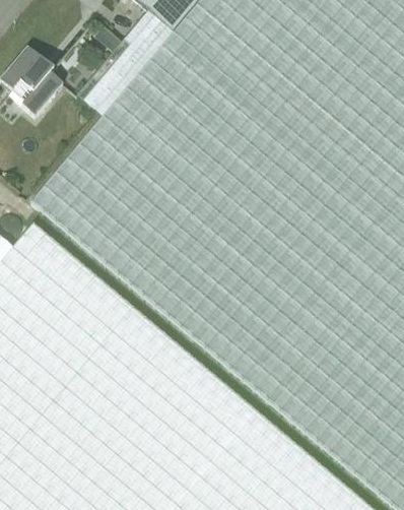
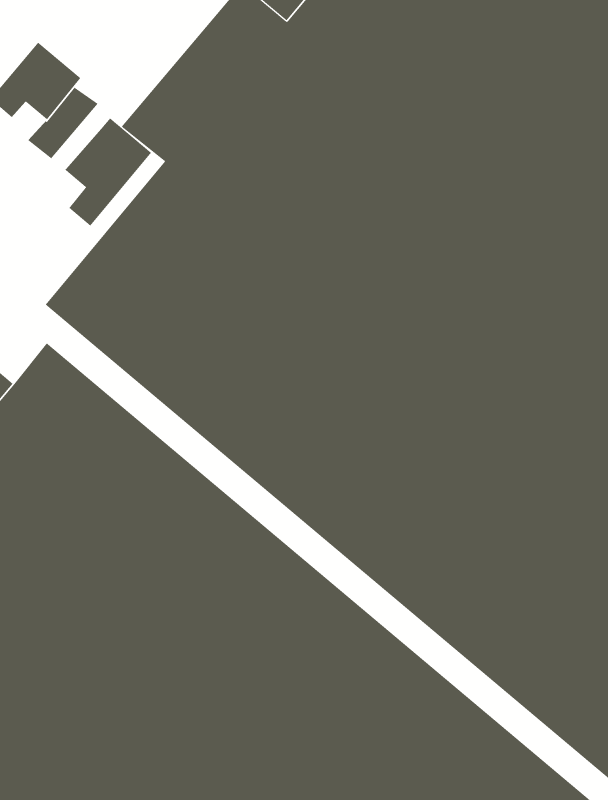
building: none -> [64,118,152,226]

